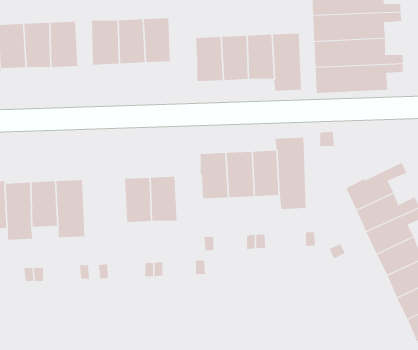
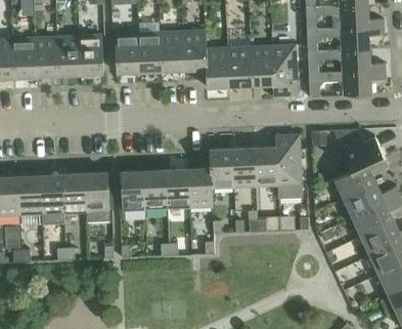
building: none -> [183,31,207,70]
building: none -> [339,131,385,172]
building: none -> [188,168,214,208]
building: none -> [122,171,146,210]

